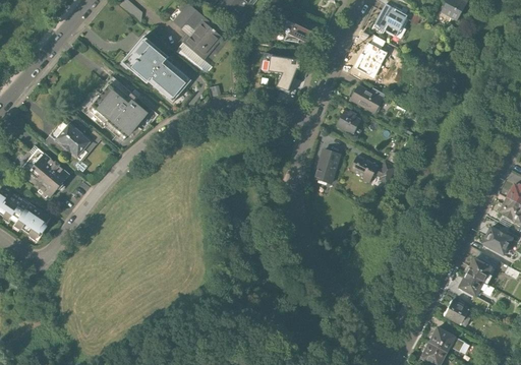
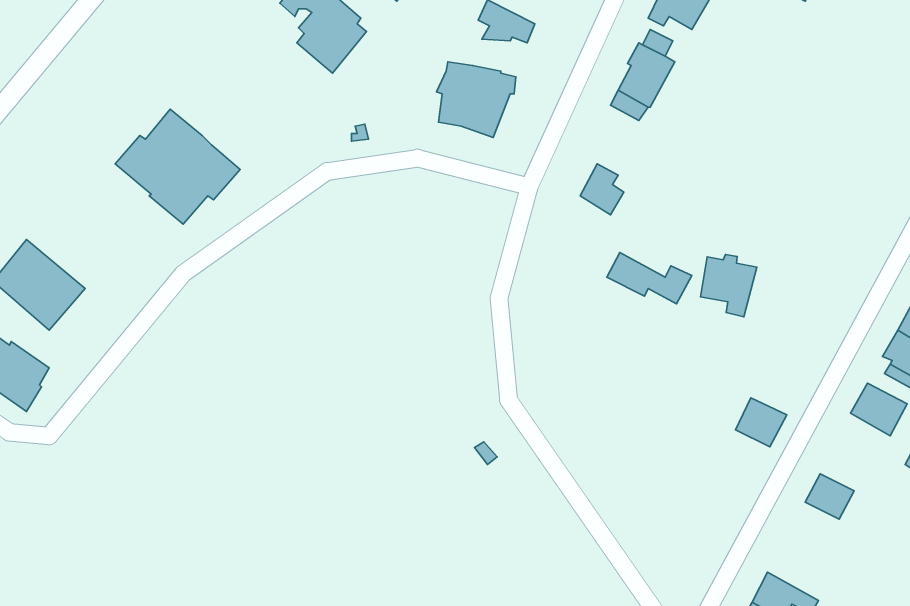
building: [121,36,191,103] -> none
building: [351,85,384,113] -> none
building: [50,118,95,161] -> none
building: [314,149,339,183] -> none
building: none -> [700,254,757,317]
building: [465,257,493,284] -> [736,398,787,447]
building: [443,301,468,327] -> none

